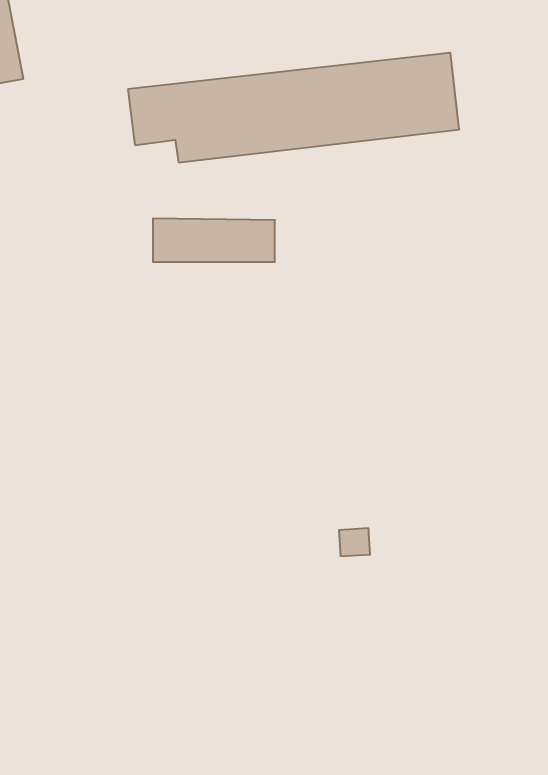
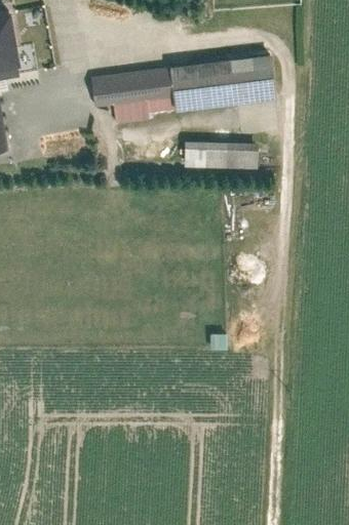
building: [153,218,275,262] -> [181,142,253,167]

